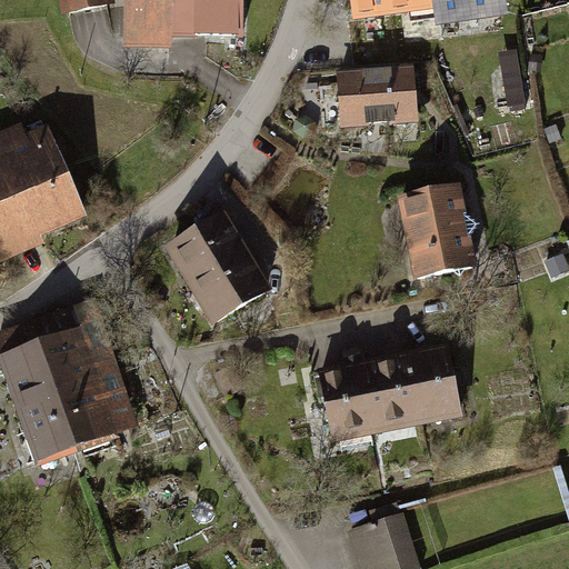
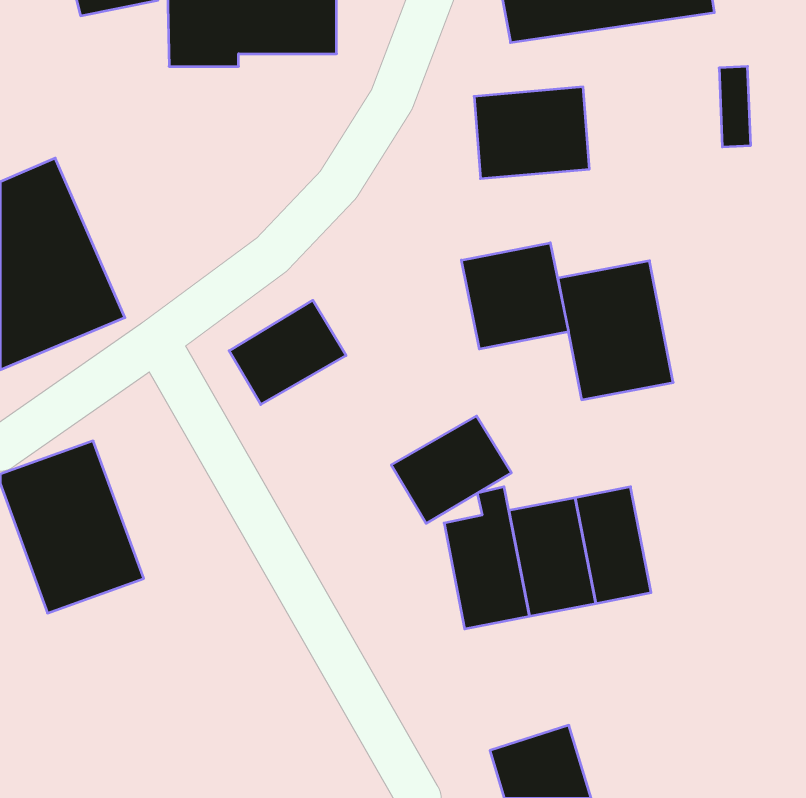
building: none -> [461,243,568,349]
building: [184,250,269,326] -> [391,416,511,523]
building: [34,300,141,462] -> none

